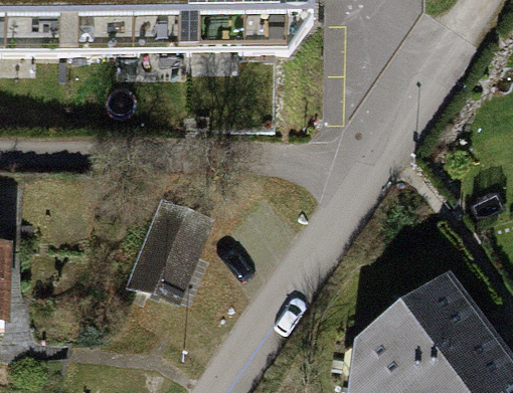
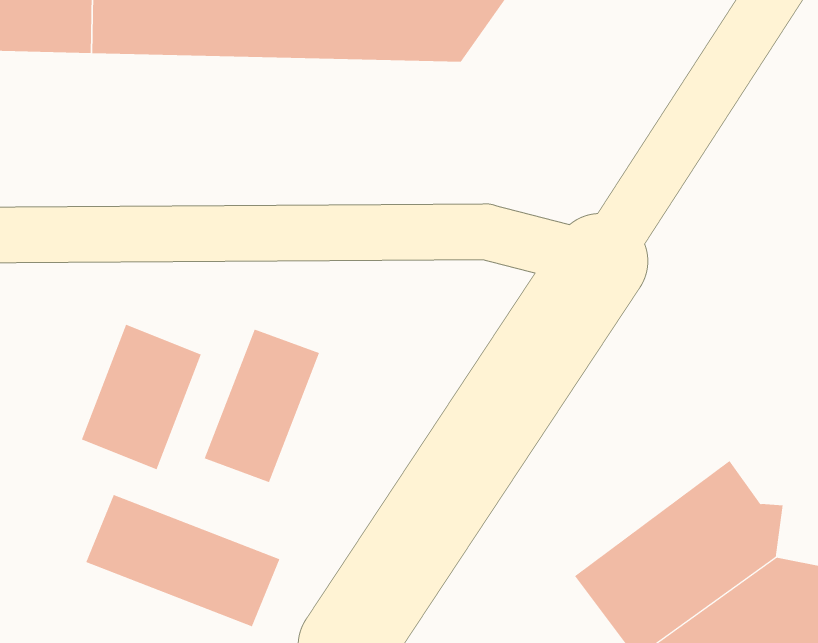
building: none -> [81,324,202,470]
building: none -> [85,494,280,627]

